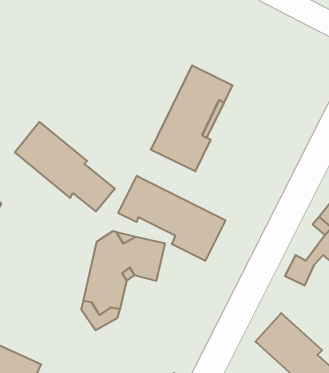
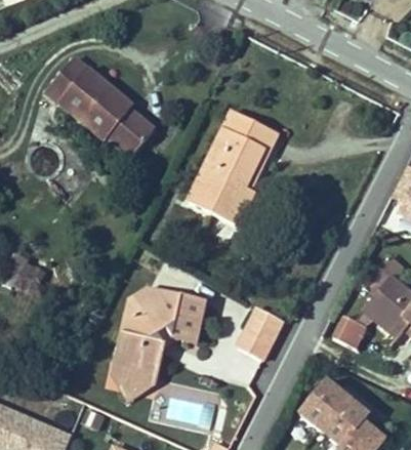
building: [15,122,115,211] -> [46,58,154,155]
building: [118,176,225,261] -> none
building: none -> [241,308,282,351]

